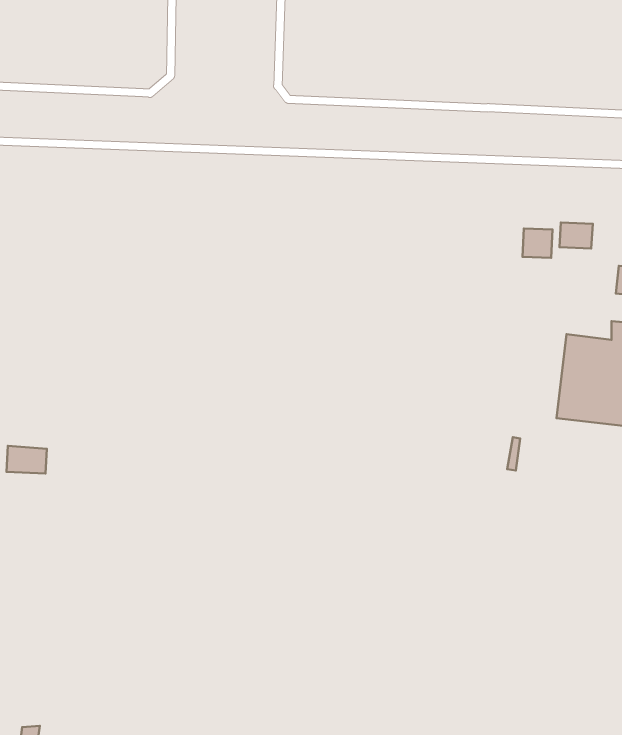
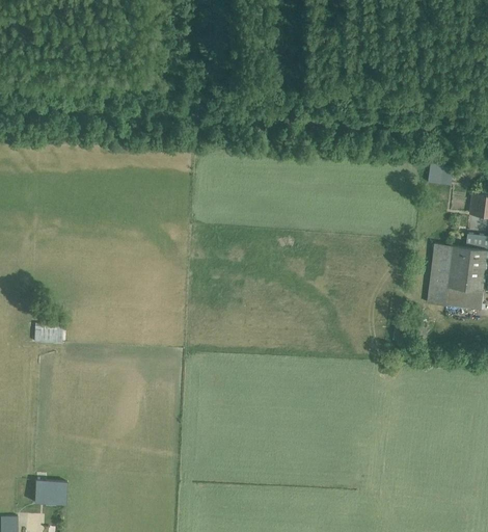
building: [522,228,553,258] -> none
building: none -> [33,480,66,504]

